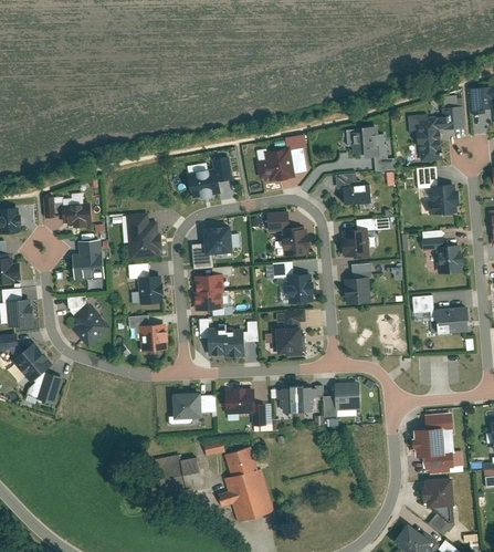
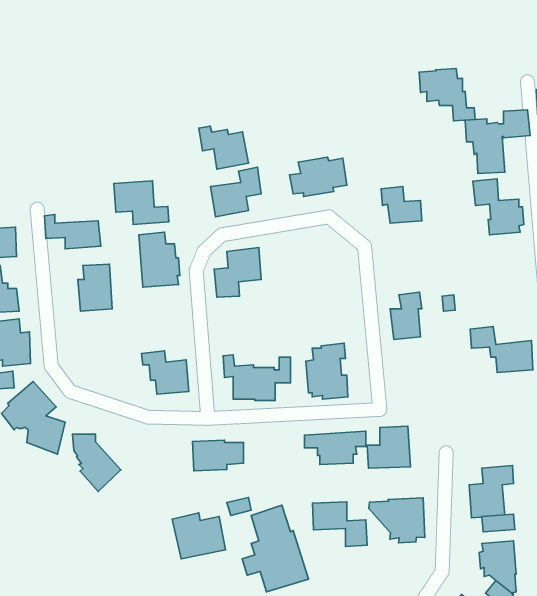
building: none -> [199,126,248,169]
building: [346,125,395,170] -> [419,68,475,121]
building: none -> [114,181,169,224]
building: [267,210,311,254] -> none
building: [340,228,369,259] -> none
building: [422,229,463,273] -> none
building: [273,261,313,303] -> none
building: [128,262,162,304] -> none
building: [193,272,224,310] -> none
building: [67,295,109,345] -> [73,434,121,491]
building: [224,387,272,426] -> [312,502,367,546]
building: none -> [369,498,425,543]

